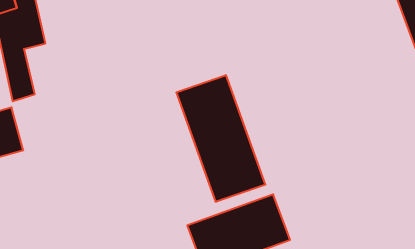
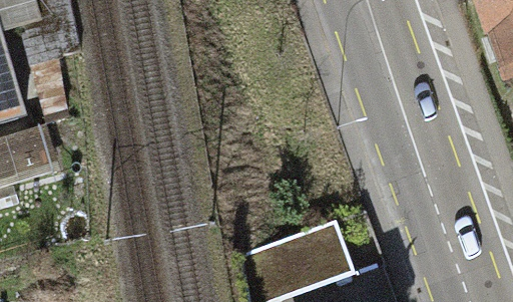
building: [176,75,265,202] -> none

